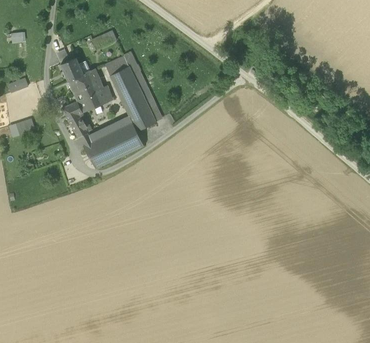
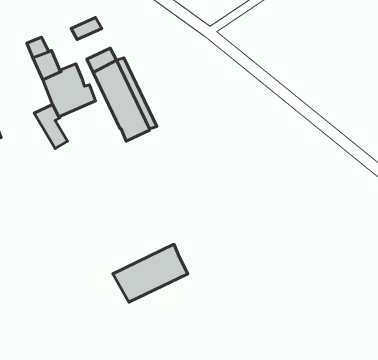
building: [83,121,144,168] -> [113,245,188,302]

